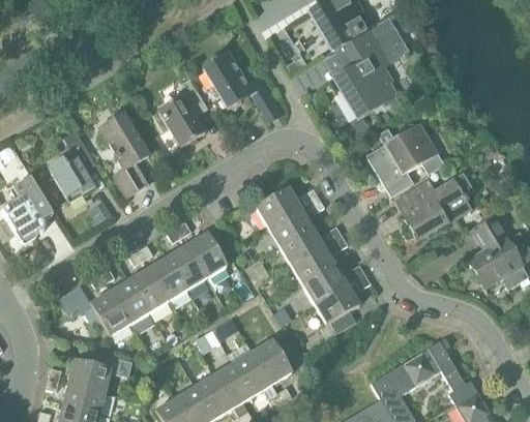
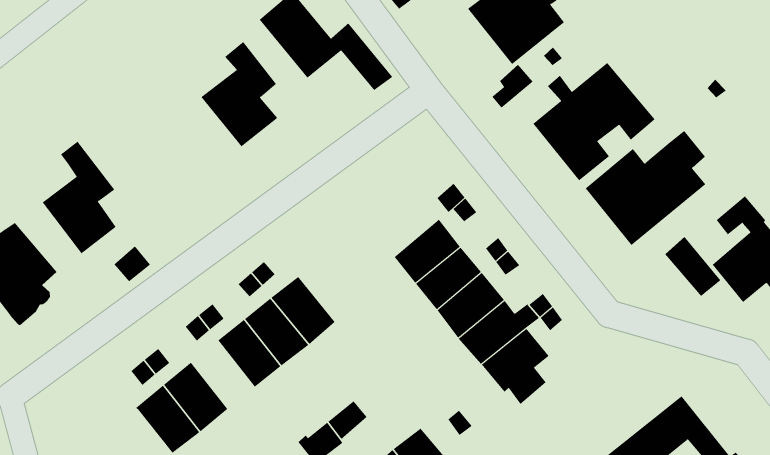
building: [99,114,148,197] -> none
building: [255,188,300,230] -> none
building: none -> [664,236,721,297]
building: [130,268,169,312] -> none
building: [58,284,92,319] -> none

